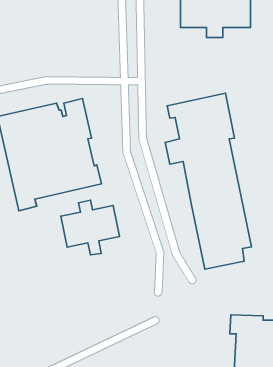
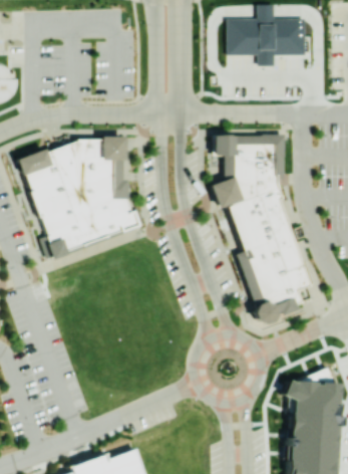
building: [61,200,119,255] -> none

